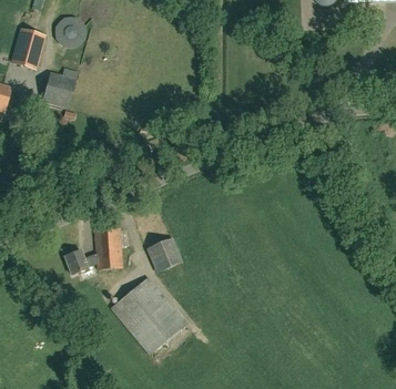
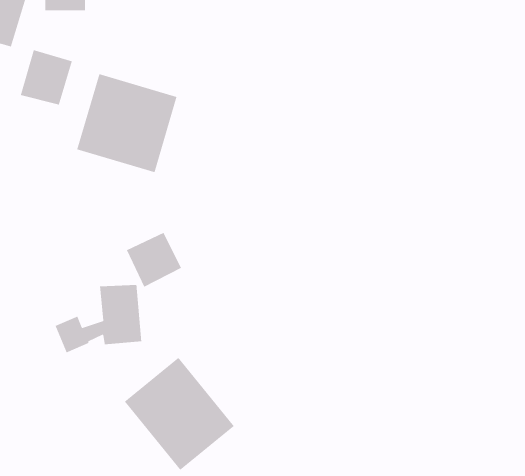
building: none -> [76,73,178,173]
building: [148,236,185,274] -> [126,232,182,288]

